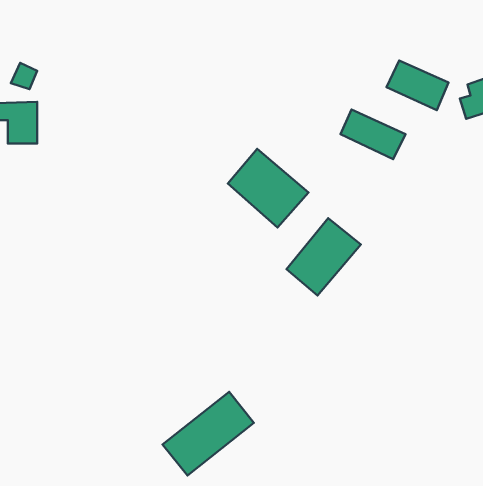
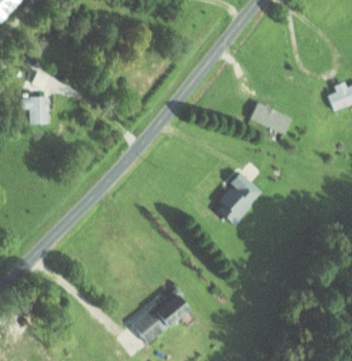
building: [387,60,449,110] -> none
building: [228,149,308,228] -> none

